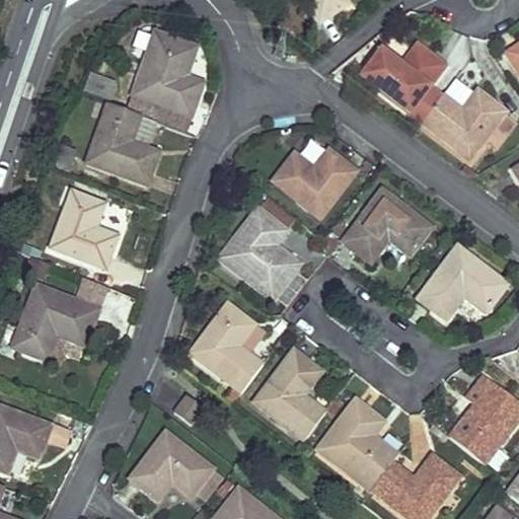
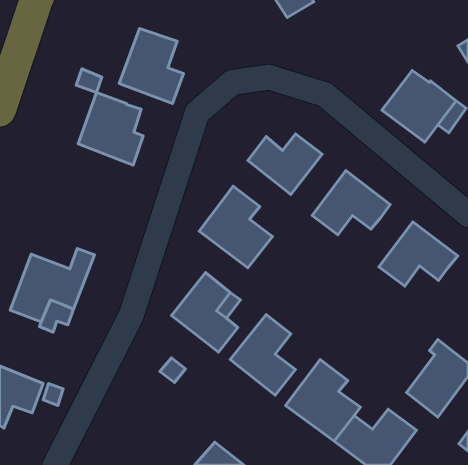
building: [361,46,444,112] -> none
building: [51,189,119,266] -> none
building: [132,435,224,502] -> none

